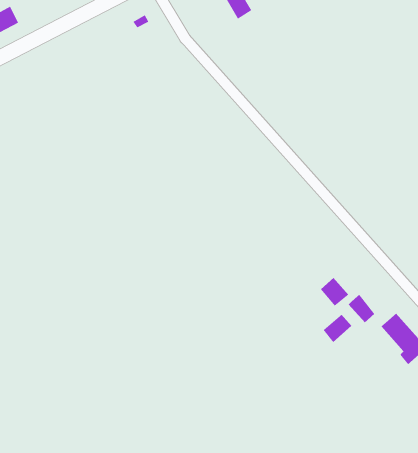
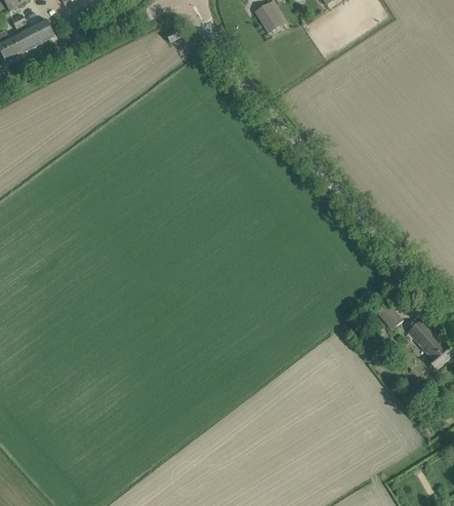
building: [320,277,349,306] -> none
building: [323,314,352,343] -> none

